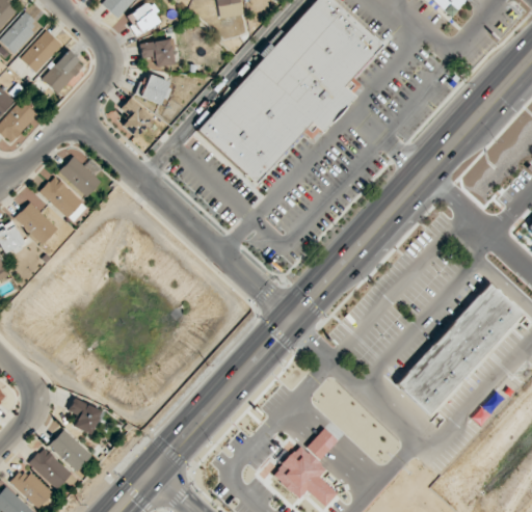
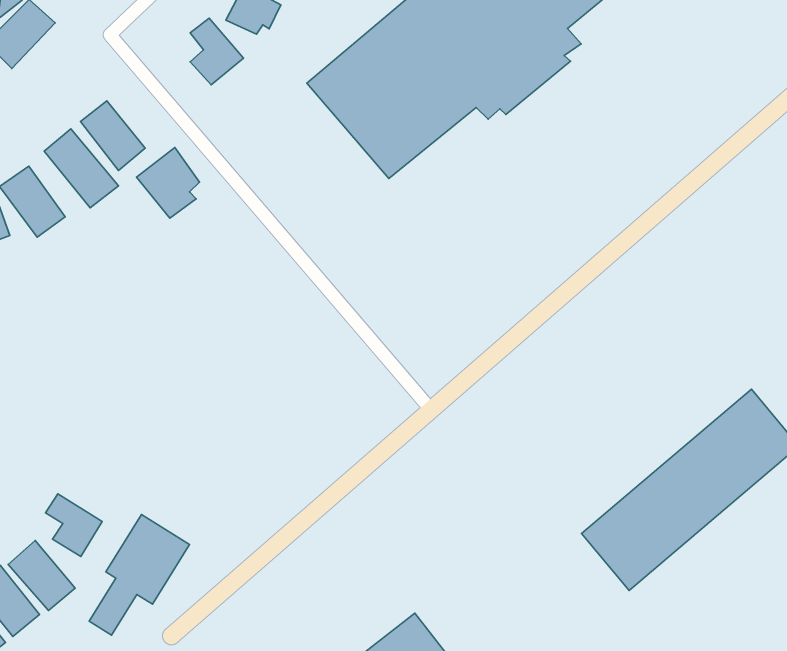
building: none -> [137,147,199,218]
building: none -> [89,515,190,635]
building: [307,428,338,460] -> none

